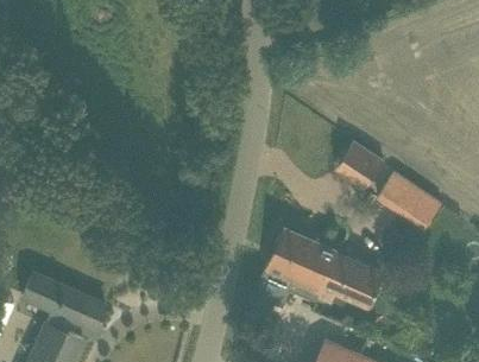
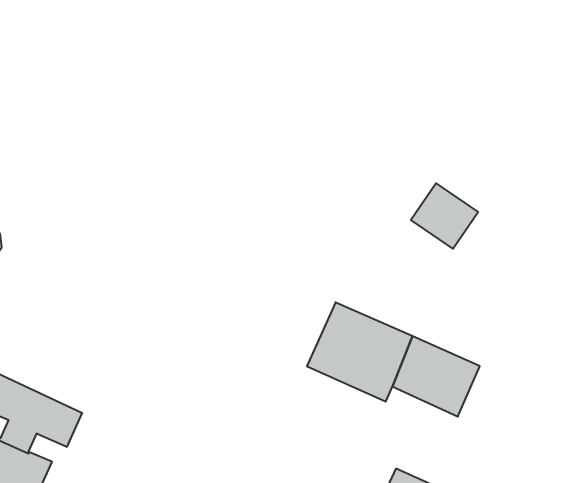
building: [378,173,442,230] -> none

